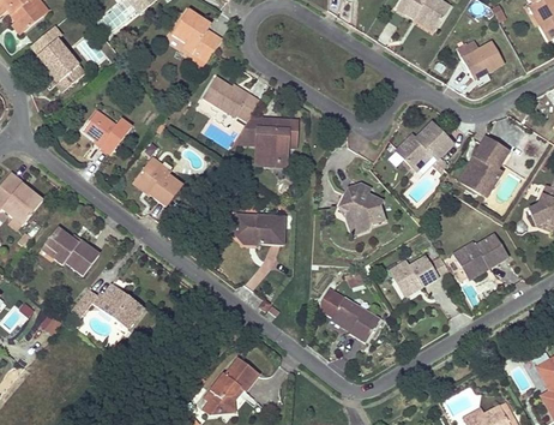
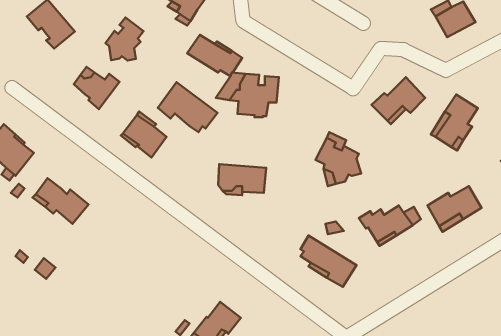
building: none -> [105,18,143,61]
building: none -> [158,82,218,132]
building: [70,283,141,329] -> none

